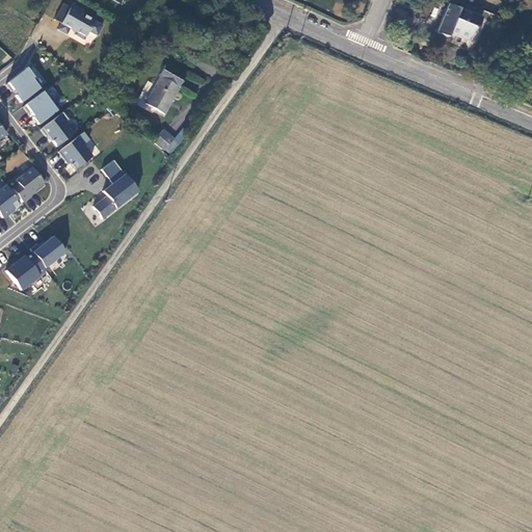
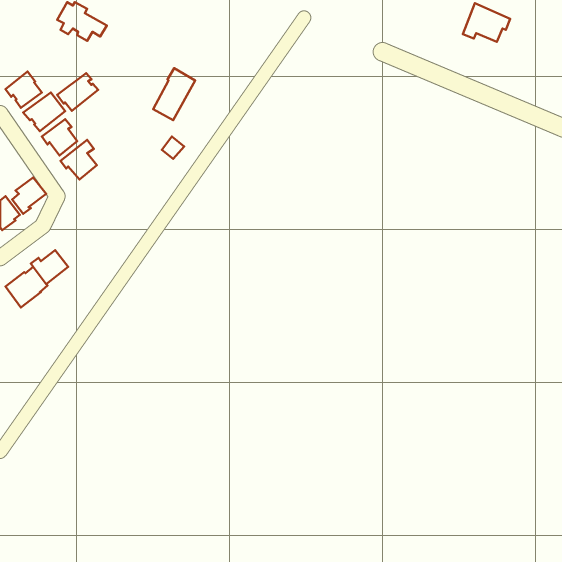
building: none -> [57,73,98,111]
building: [94,159,138,218] -> none

